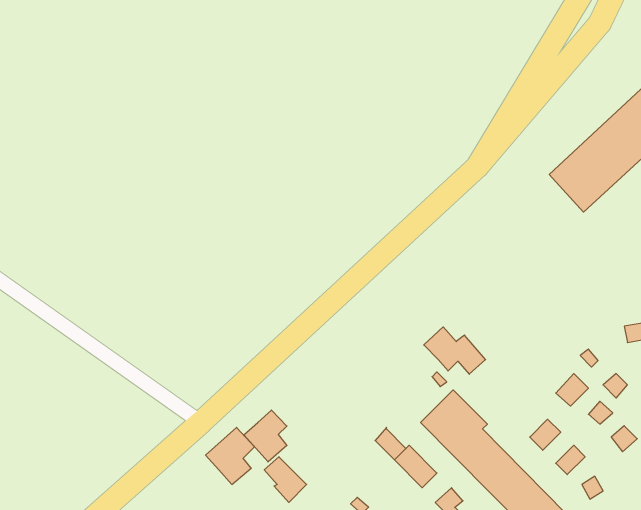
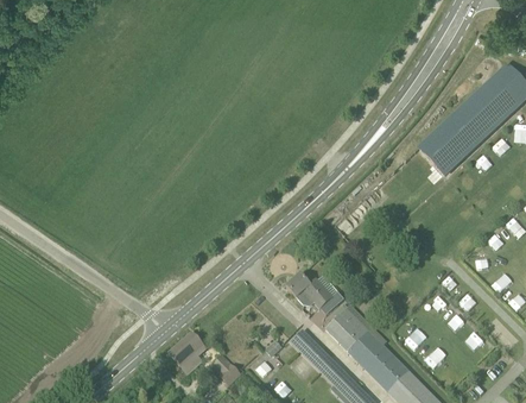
building: [424,327,486,374] -> [286,272,331,307]
building: [244,410,287,462] -> none

